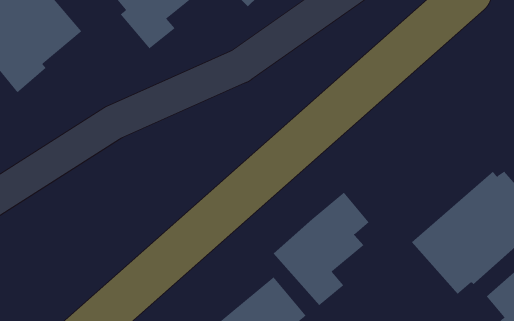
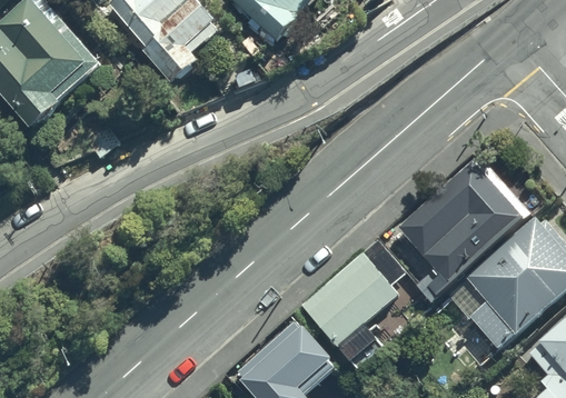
building: none -> [397,156,529,300]

